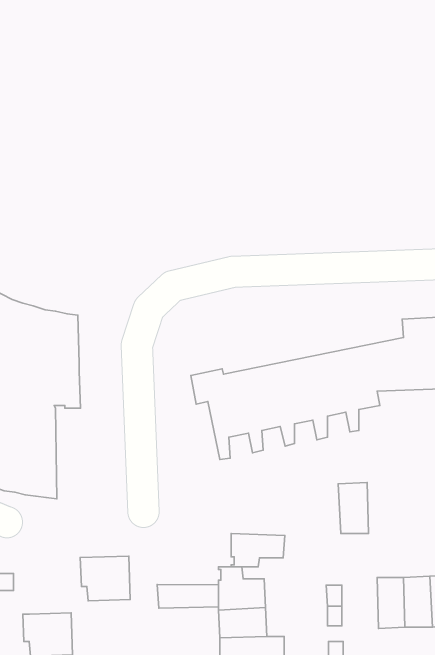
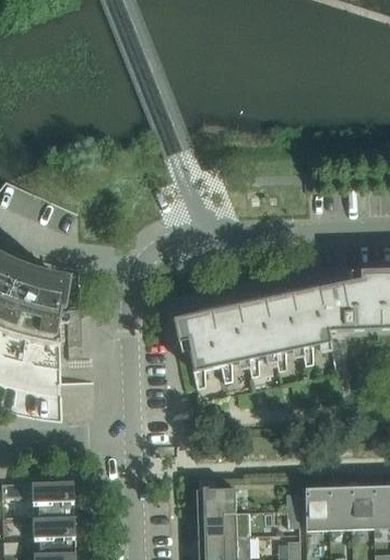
building: [338,482,368,534] -> [304,486,329,528]
building: [231,533,285,567] -> none
building: [80,556,130,601] -> [32,479,73,516]
building: [157,585,218,608] -> none

